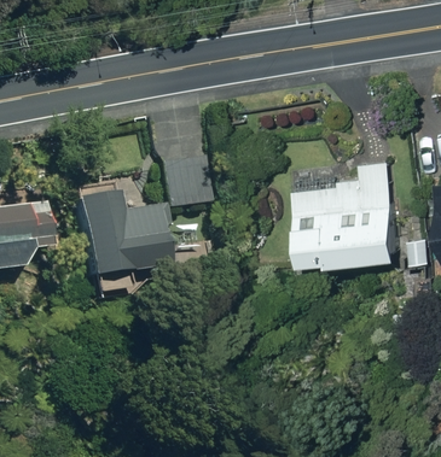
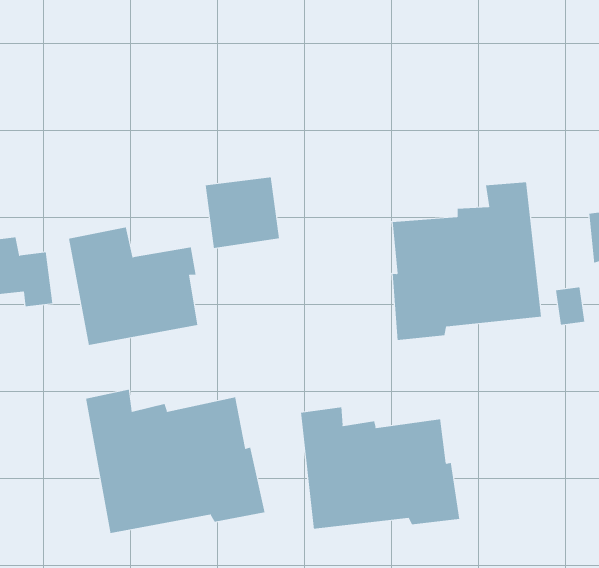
building: none -> [85,389,265,534]
building: none -> [301,407,460,530]

